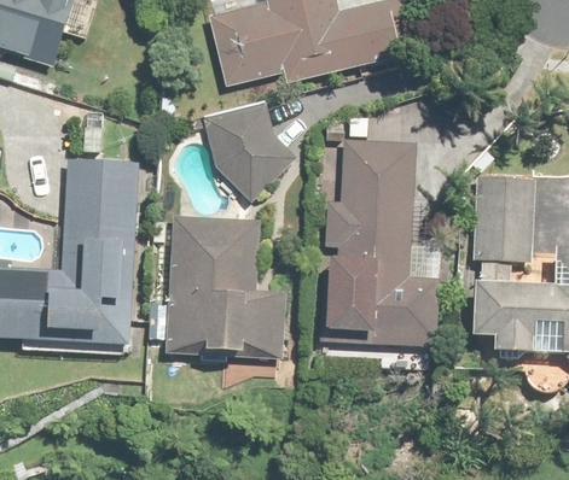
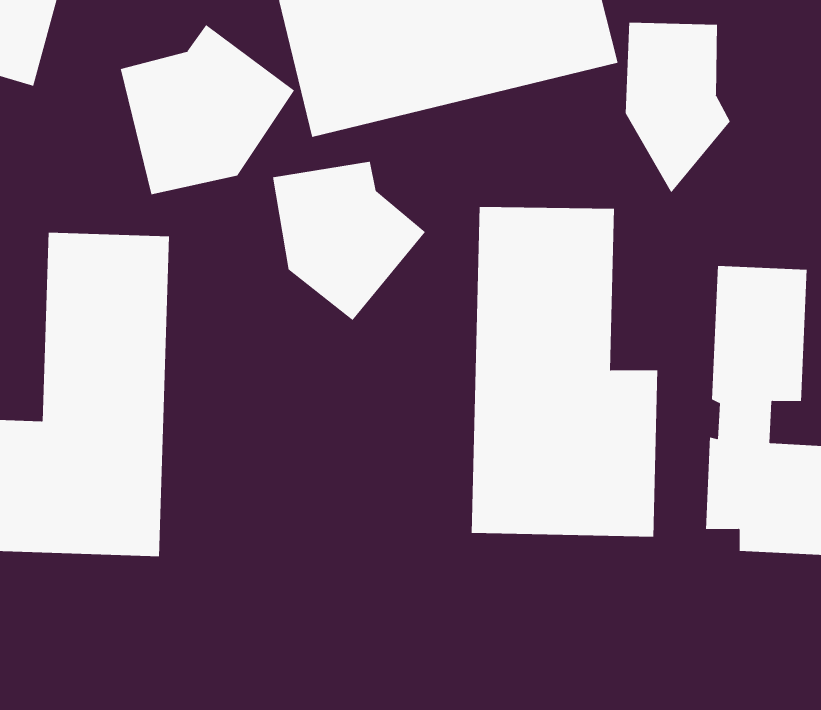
building: none -> [625,22,731,193]
building: none -> [120,24,295,195]
building: [161,219,288,365] -> none

